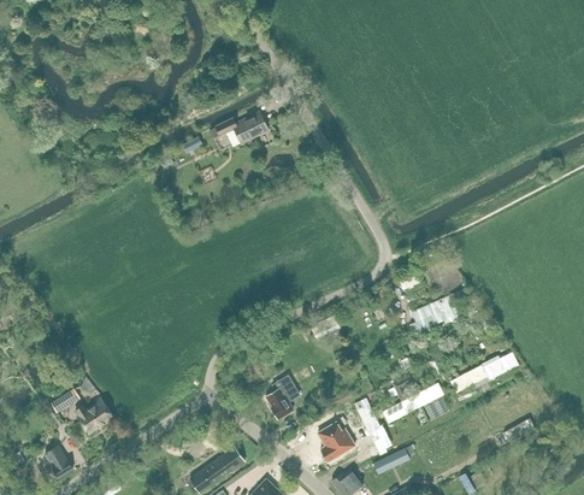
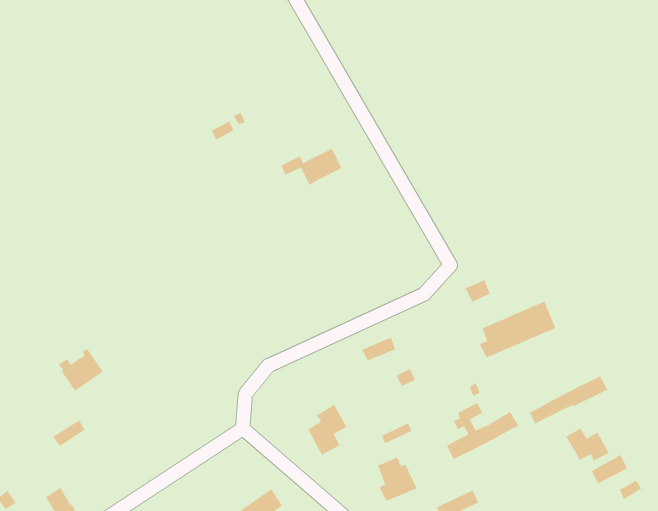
building: [214,112,266,143] -> [281,148,342,185]
building: none -> [566,427,610,461]
building: [73,397,112,434] -> [58,348,104,391]

